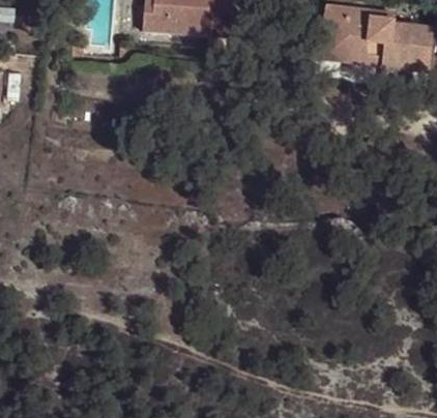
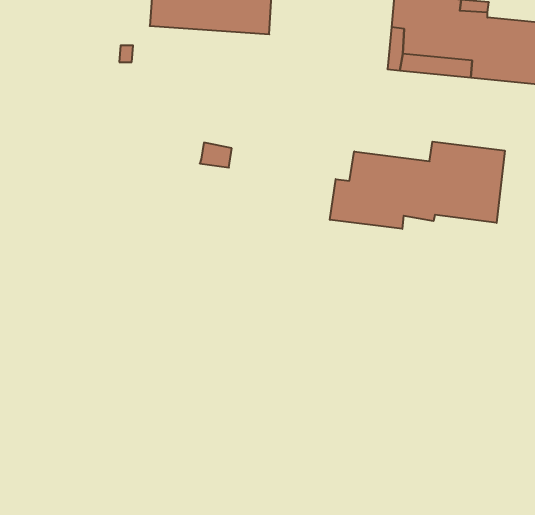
building: none -> [330,142,505,229]

